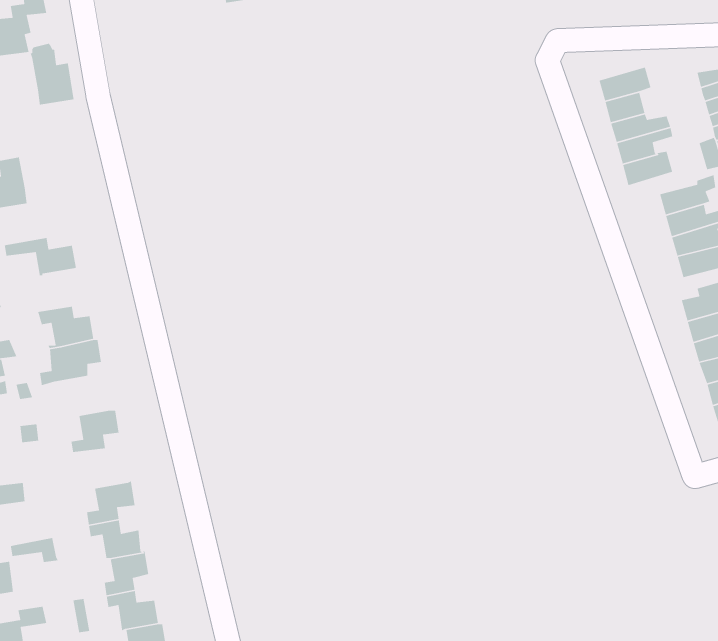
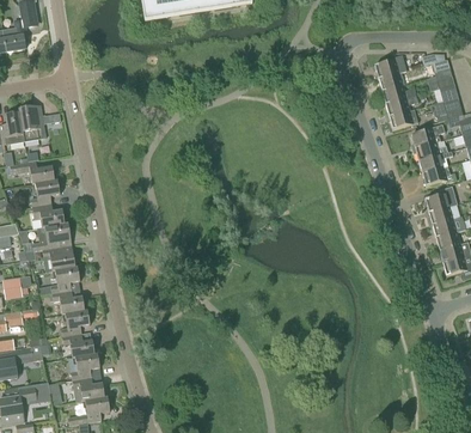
building: [29,43,75,106] -> [18,102,45,140]
building: none -> [29,178,60,206]
building: none -> [41,245,74,270]
building: none -> [51,289,85,313]

